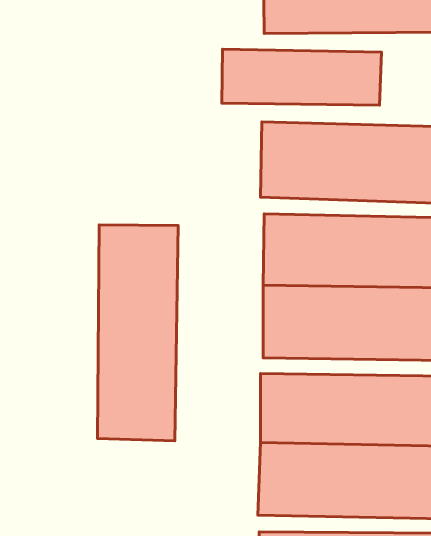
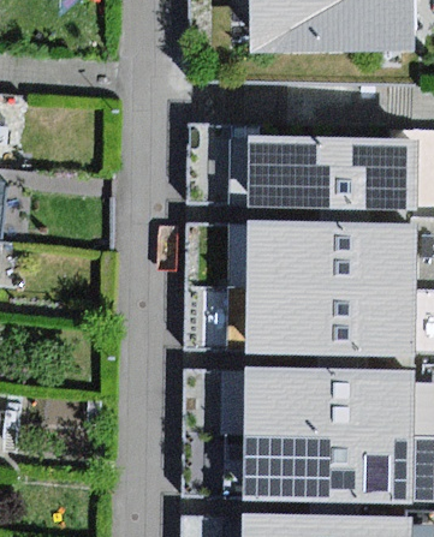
building: [222,49,381,105] -> none
building: [98,225,178,441] -> none

